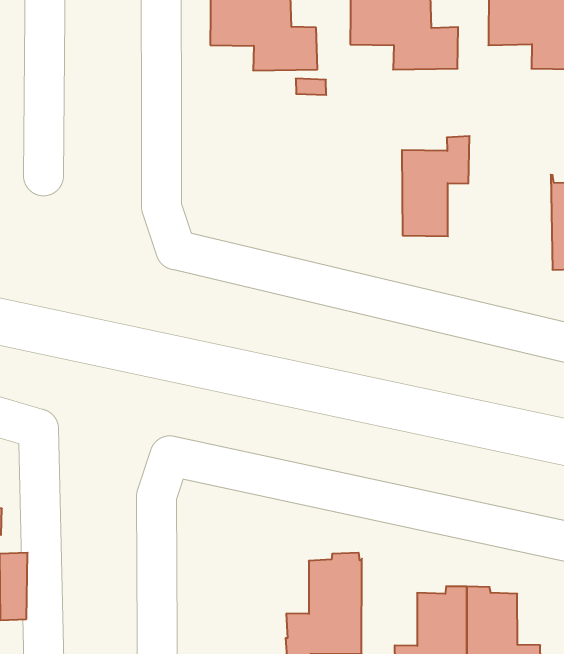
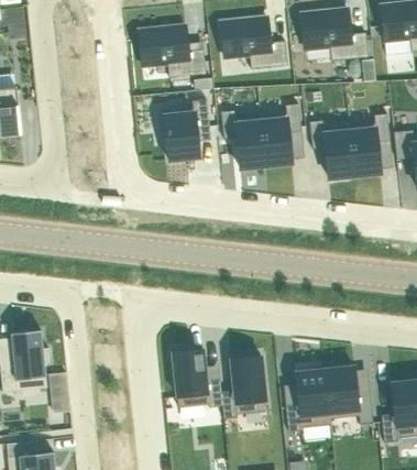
building: none -> [160,99,209,161]
building: none -> [220,110,265,168]
building: none -> [309,120,354,178]
building: none -> [172,347,222,407]

